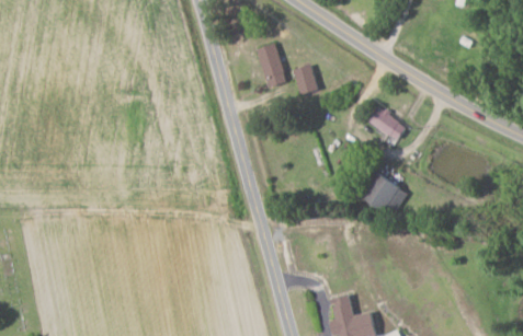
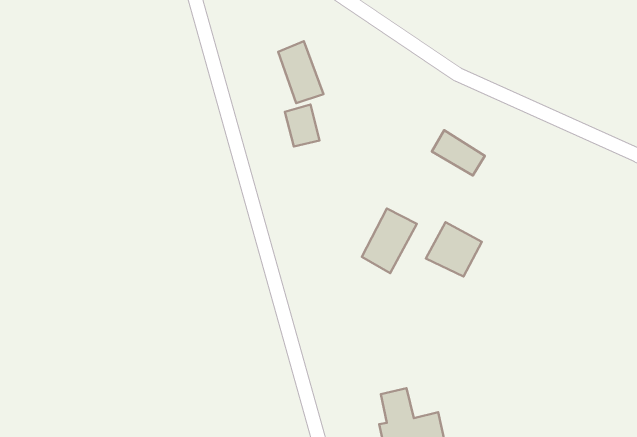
building: [293,65,318,95] -> [285,104,320,147]
building: none -> [362,208,417,273]

